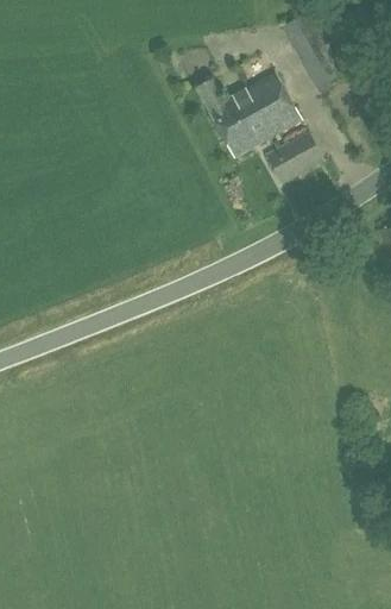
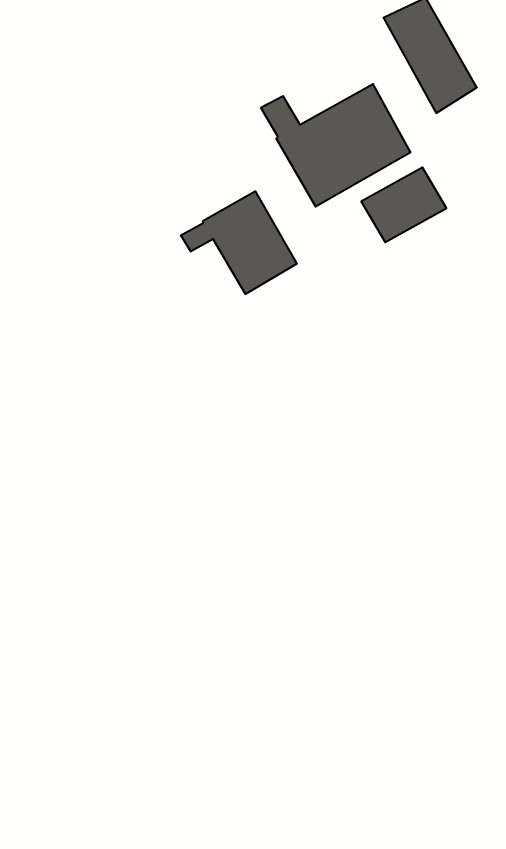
building: none -> [181,191,297,294]

